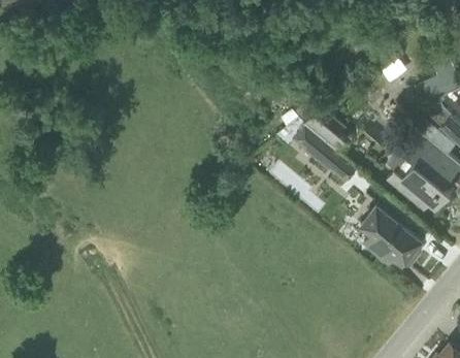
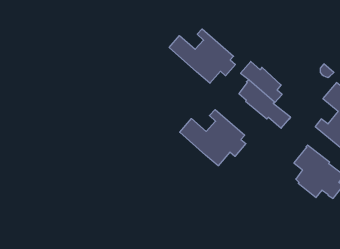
building: none -> [169,29,235,83]
building: none -> [180,110,246,166]

